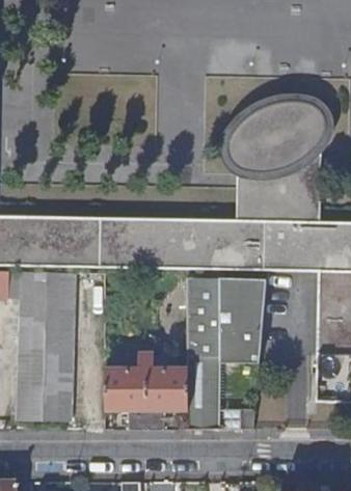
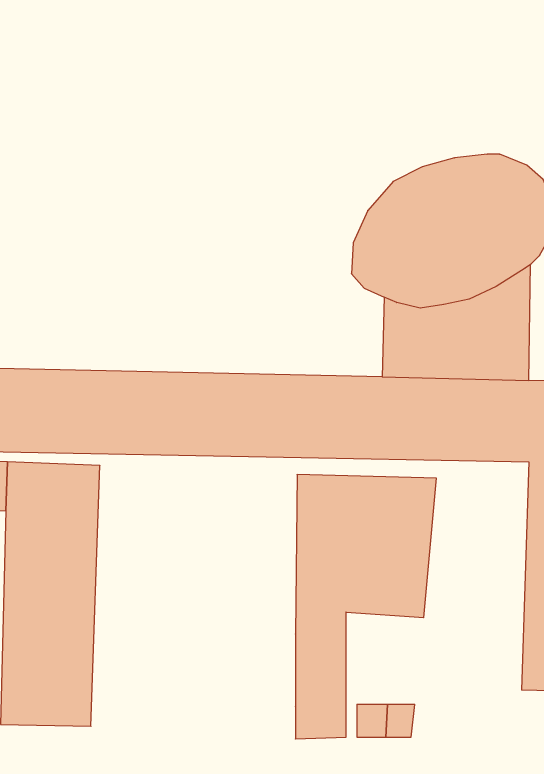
building: [104,352,187,428] -> none

